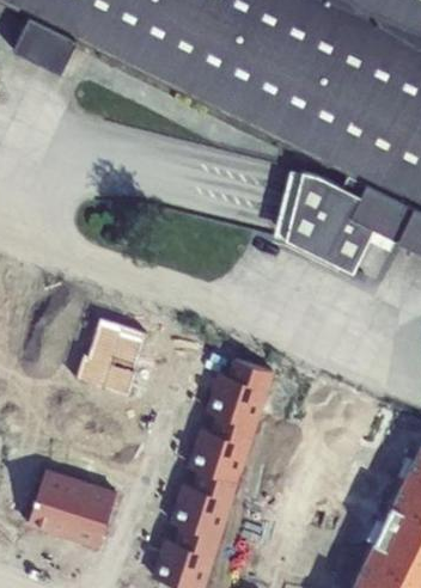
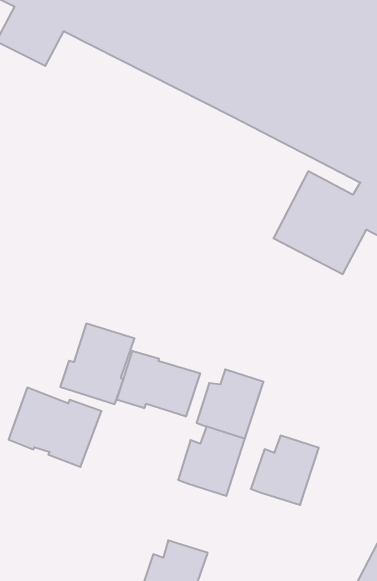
building: none -> [117,351,200,417]
building: [170,472,236,539] -> [251,436,319,505]
building: [26,473,116,550] -> [9,388,102,467]

